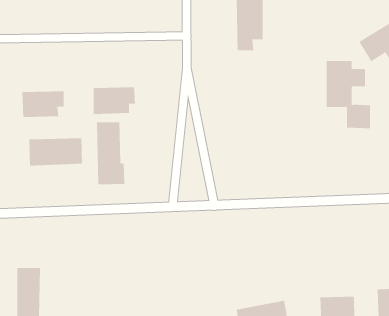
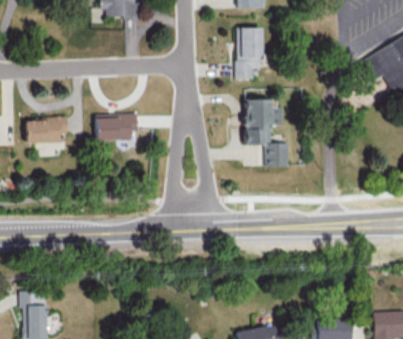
building: [326,60,371,129] -> [245,99,289,166]
building: [97,122,125,185] -> none
building: [29,137,83,167] -> none

